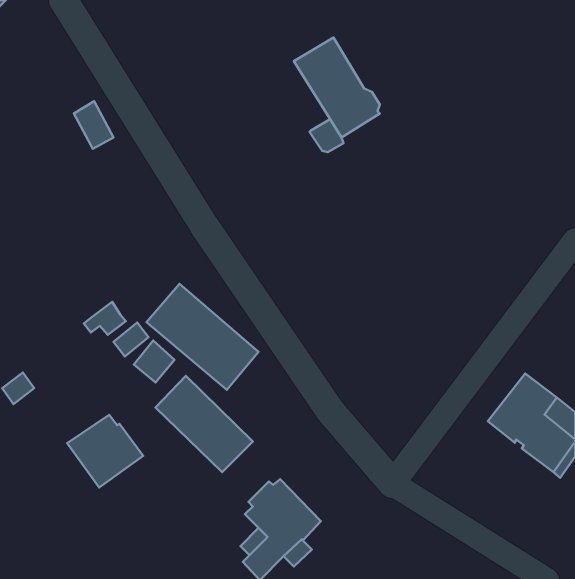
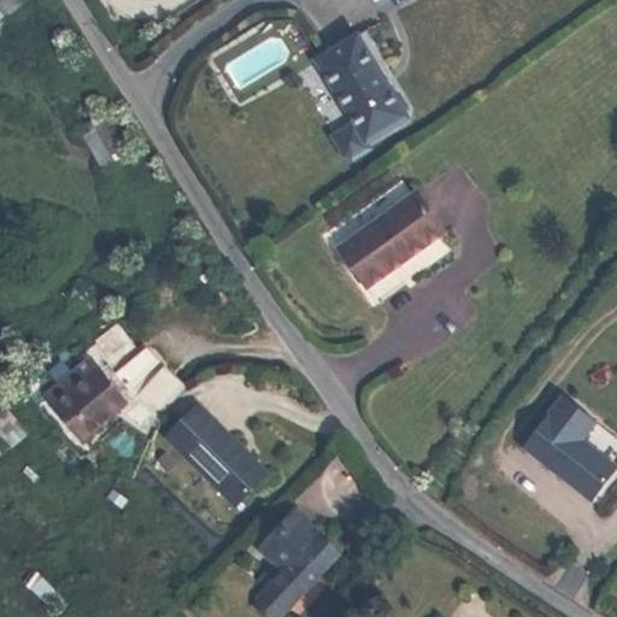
building: none -> [335,195,442,290]
building: [146,284,258,390] -> none
building: [67,415,143,488] -> [45,357,125,434]

